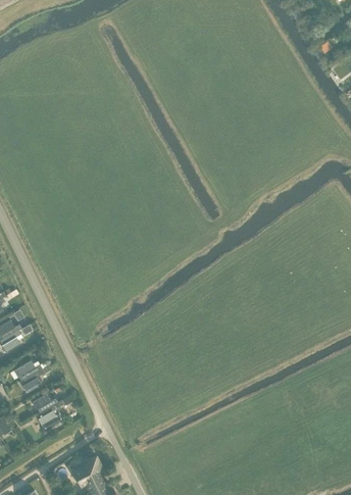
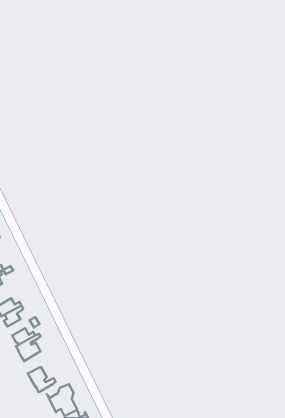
building: none -> [28,367,56,392]

